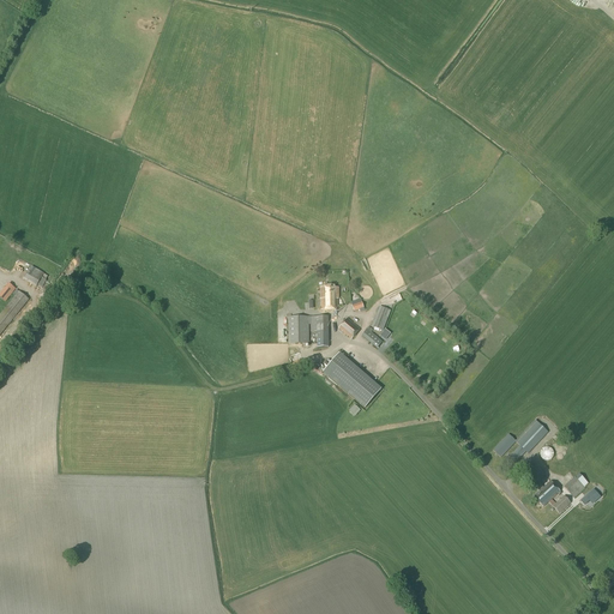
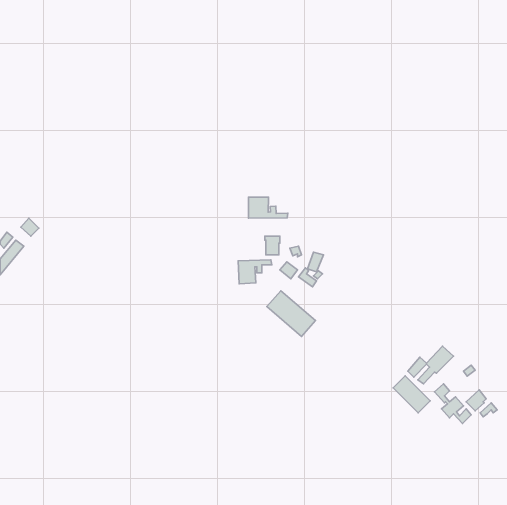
building: none -> [249,197,288,218]
building: none -> [393,376,430,413]

